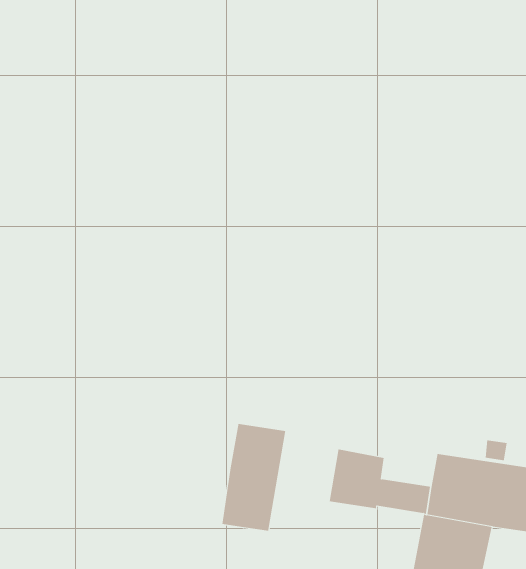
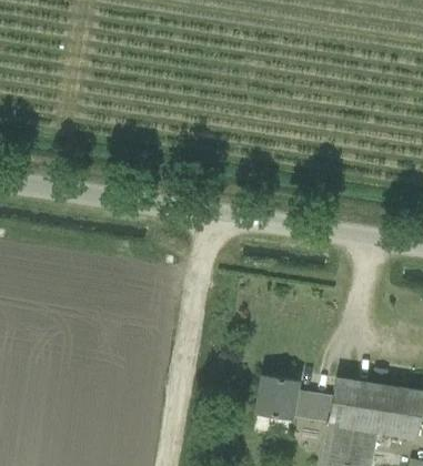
building: [222,423,286,531] -> none

